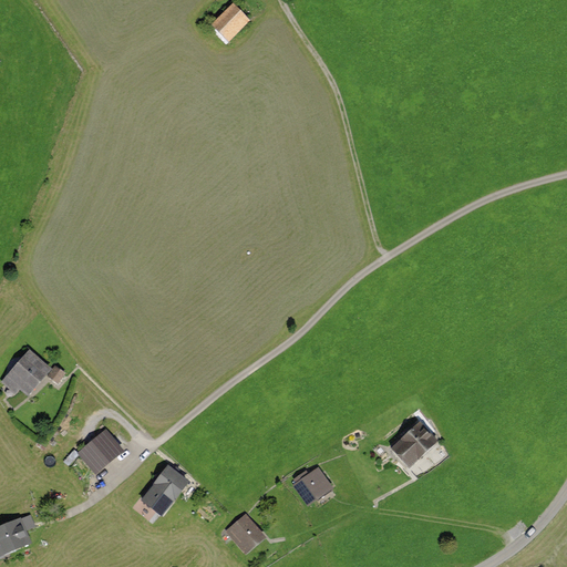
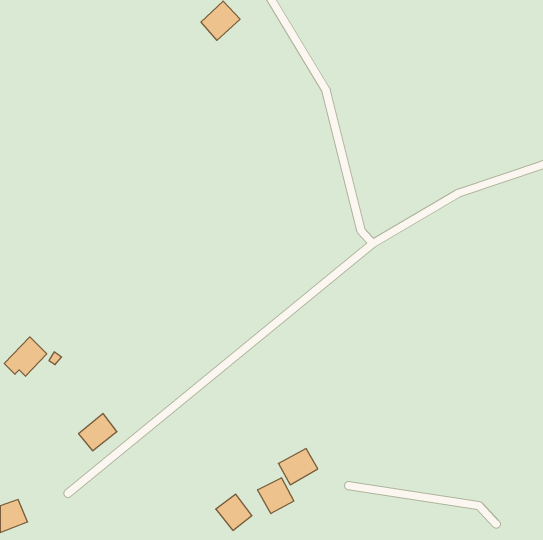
building: [385,419,440,470] -> none
building: [144,463,189,509] -> none
building: none -> [258,478,294,514]

